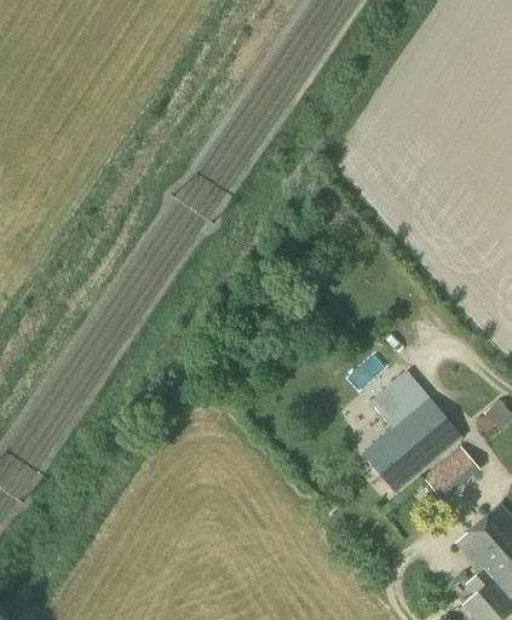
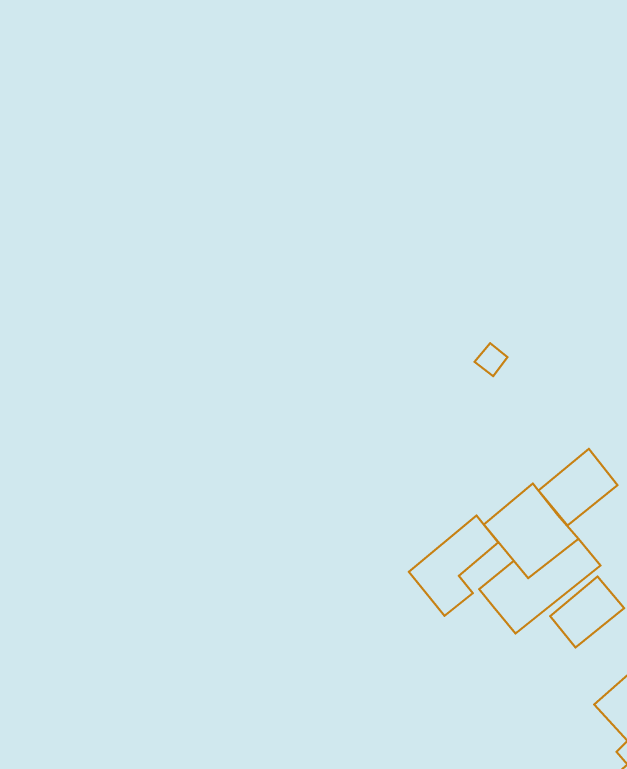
building: none -> [538,449,618,525]
building: none -> [409,516,498,616]

